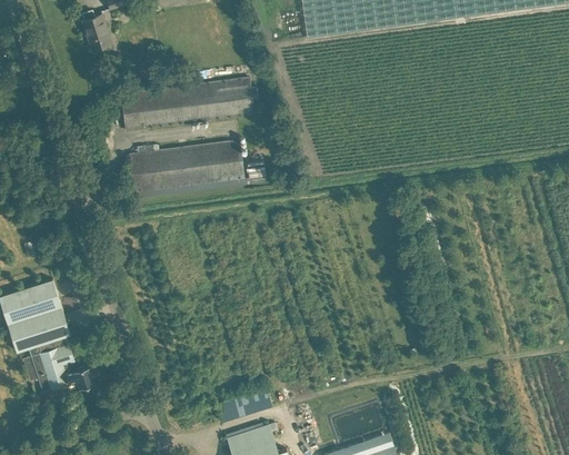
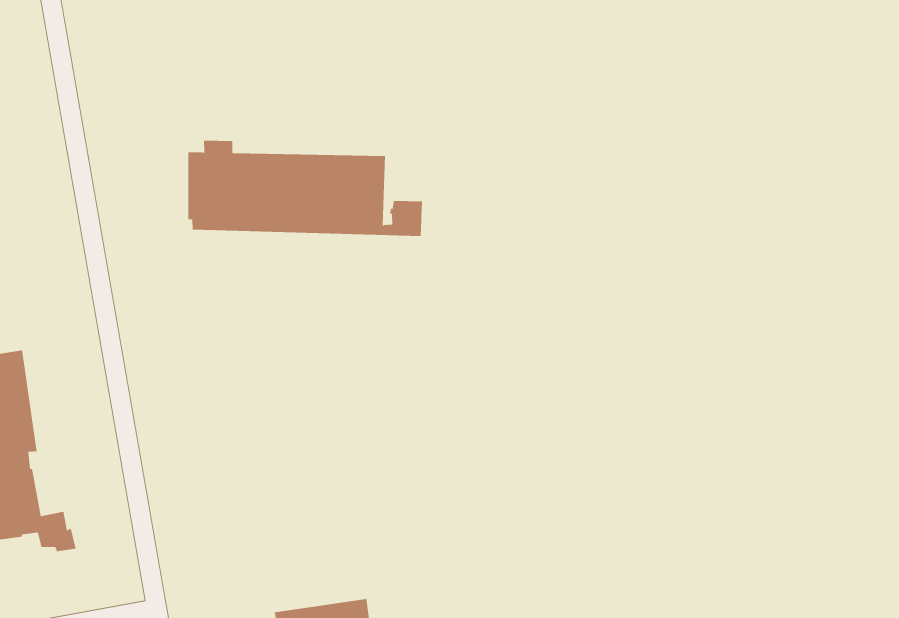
building: [120,77,258,130] -> none

